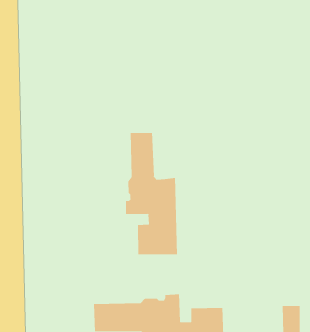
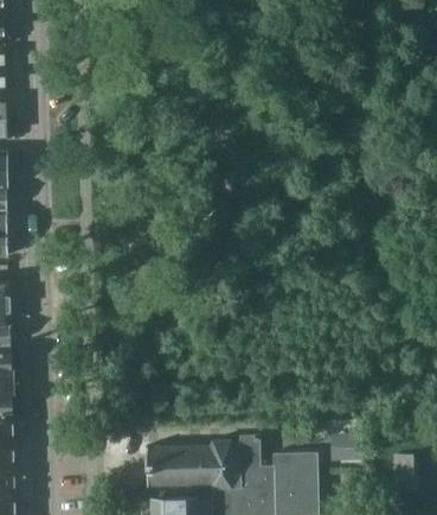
building: [125,132,177,255] -> none

